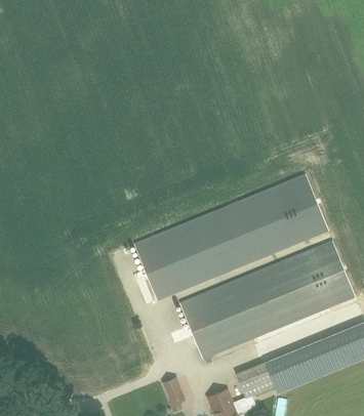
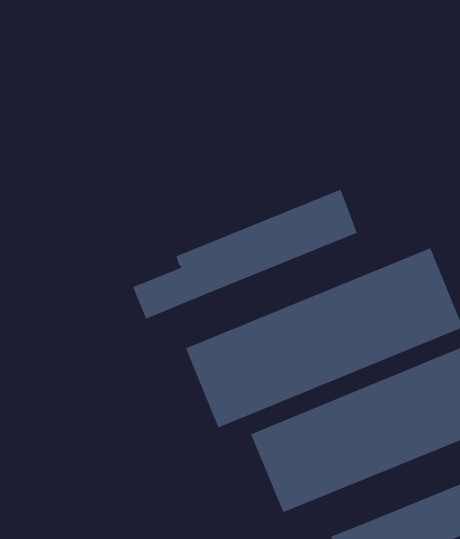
building: none -> [132,189,357,320]

